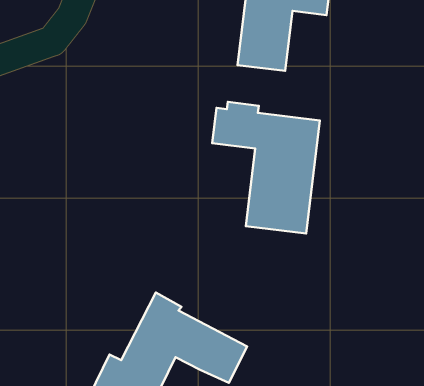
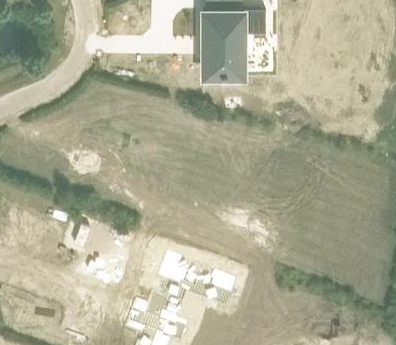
building: [212,102,320,233] -> none

